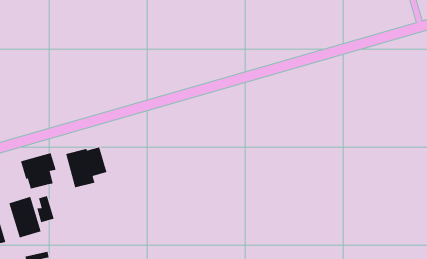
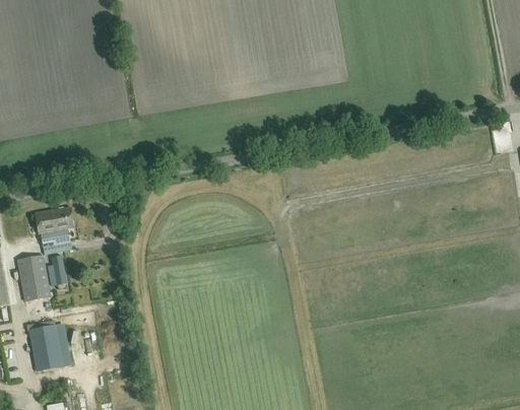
building: [65,147,107,188] -> none

